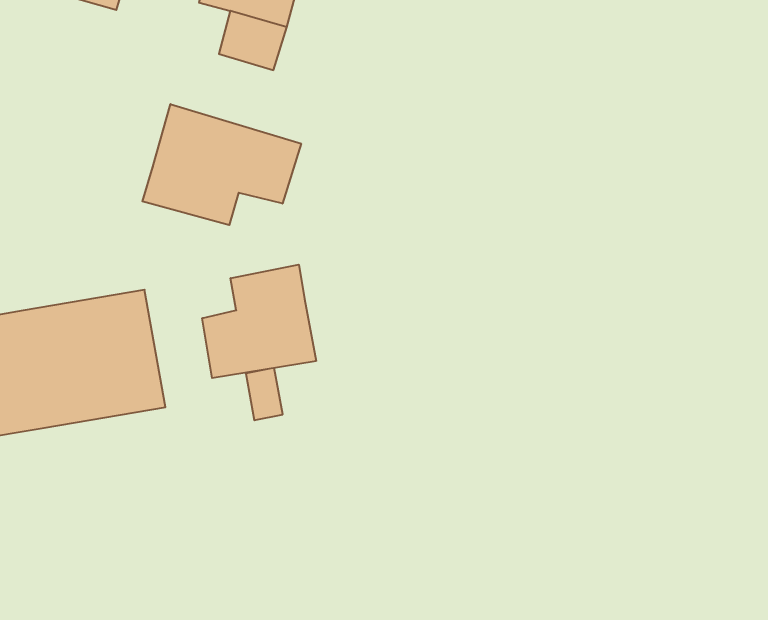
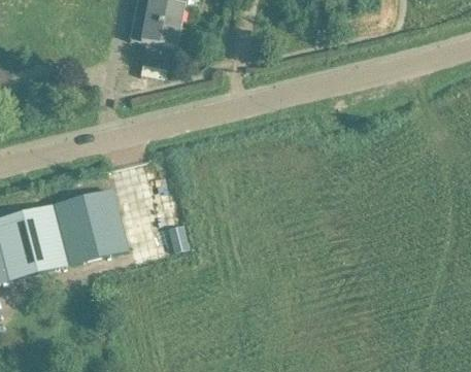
building: [142,104,301,225] -> none
building: [202,265,316,378] -> none

